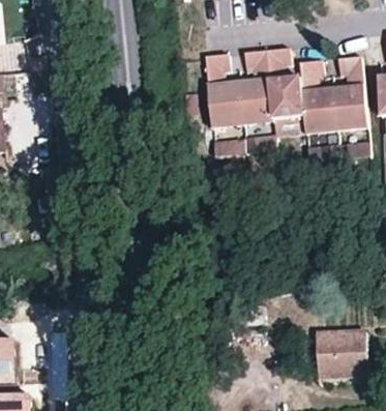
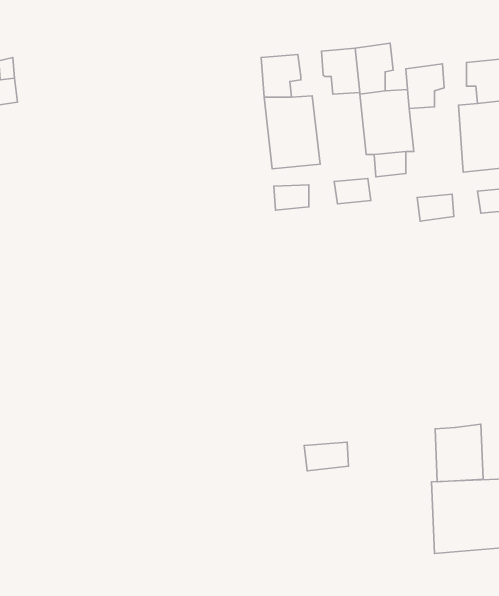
building: [239,79,274,125] -> none
building: [302,87,337,134] -> none
building: none -> [435,424,483,482]

